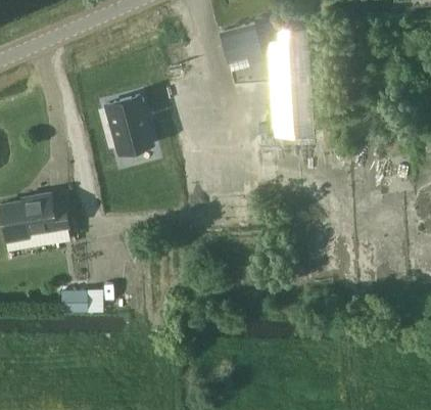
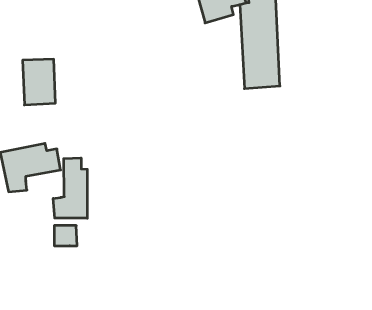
building: [110,109,147,161] -> [23,59,55,105]
building: none -> [53,158,87,218]

